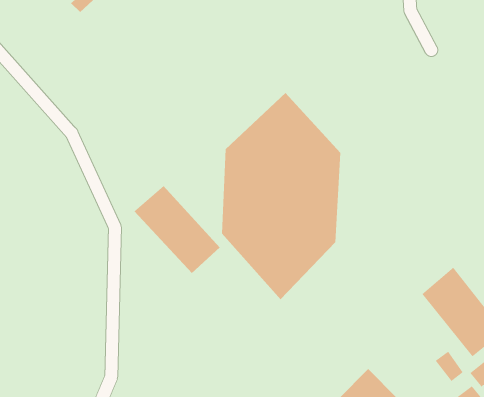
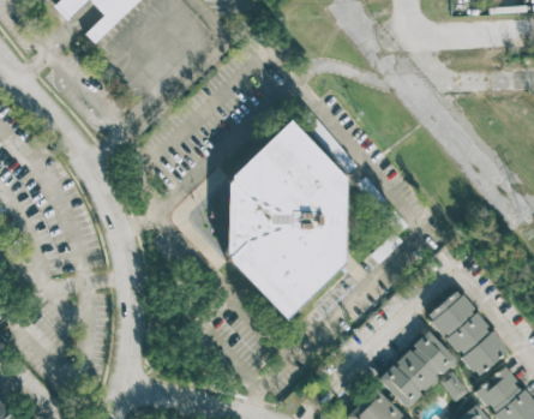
building: [134,185,220,274] -> none
building: none -> [377,330,455,407]

